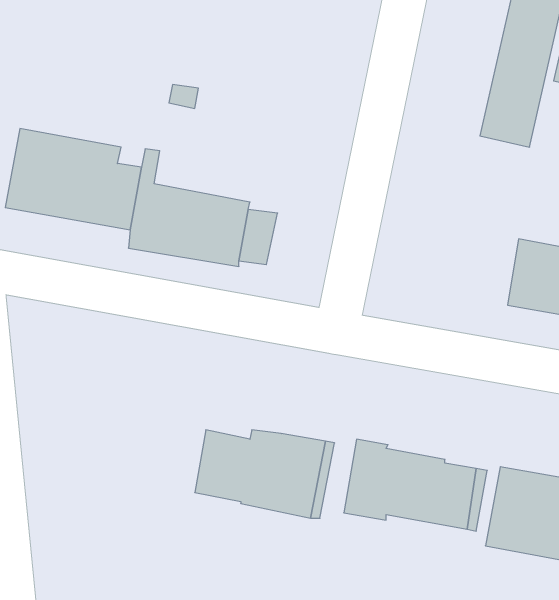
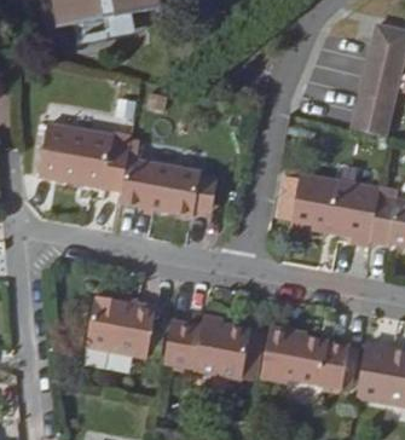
building: none -> [287,172,377,245]
building: none -> [87,297,156,358]

